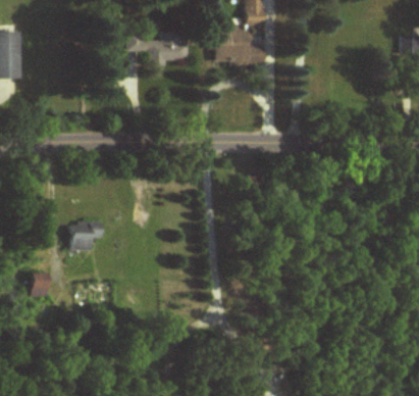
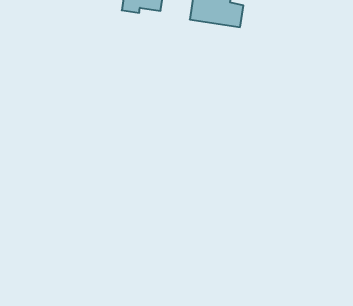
building: [71,221,103,250] -> none

